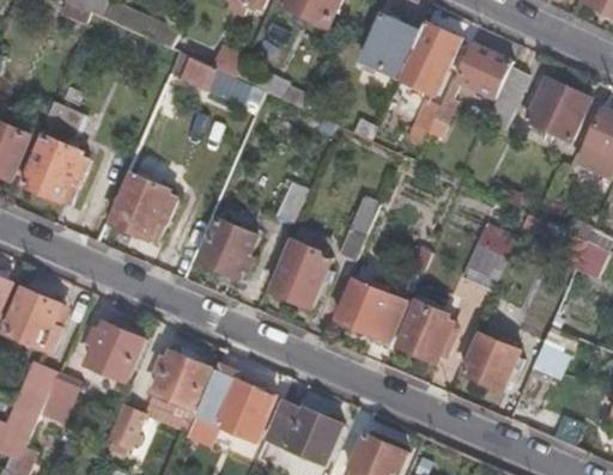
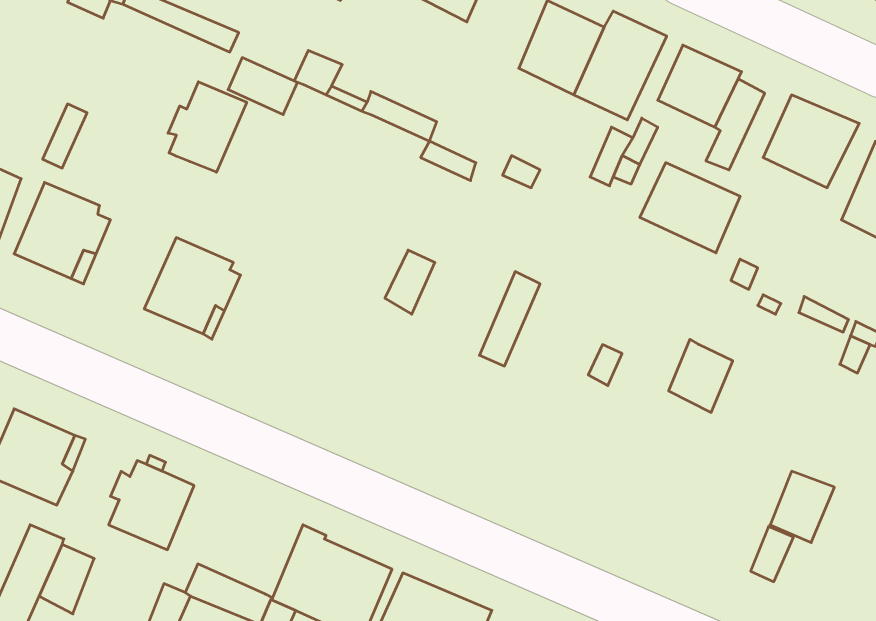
building: none -> [168,82,247,172]
building: none -> [640,163,740,253]
building: [198,215,256,275] -> none
building: [268,237,329,306] -> none
building: [335,274,395,335] -> none
building: [396,299,453,360] -> none
building: [462,334,518,389] -> none
building: [146,348,211,412] -> none

